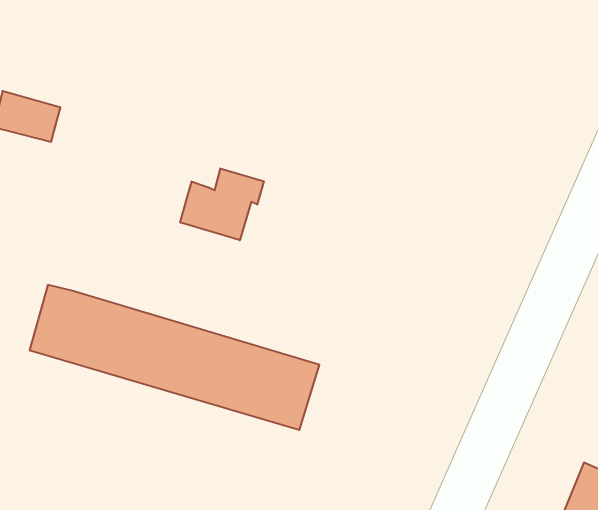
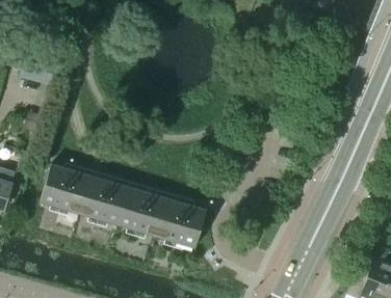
building: [180,168,264,240] -> none

